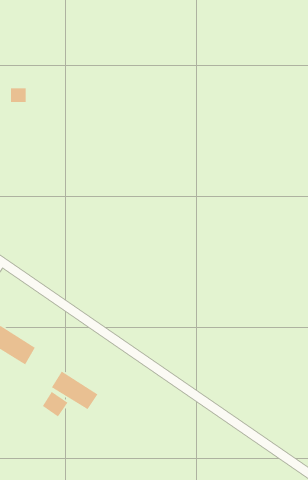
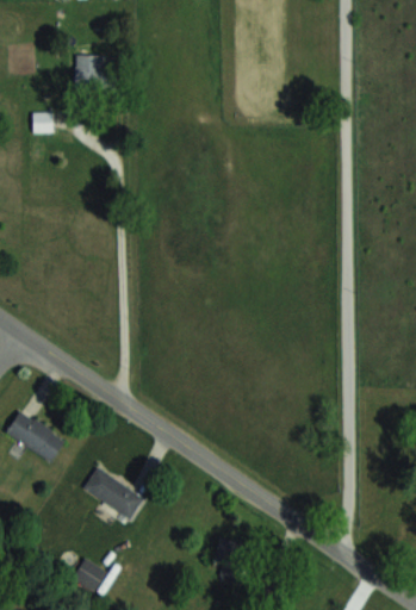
building: none -> [76,56,103,81]
building: [42,391,68,418] -> [73,559,106,592]

